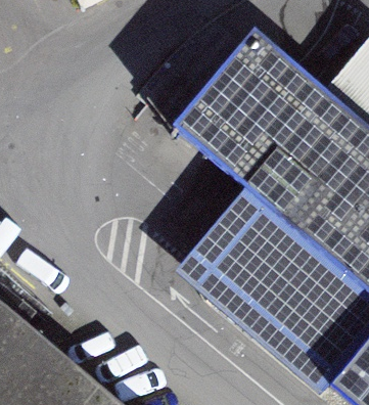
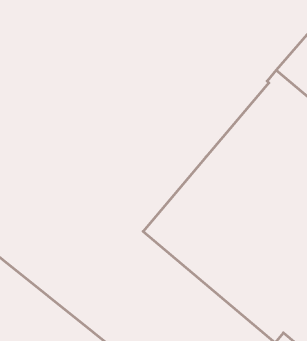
building: [174,45,316,189] -> none

